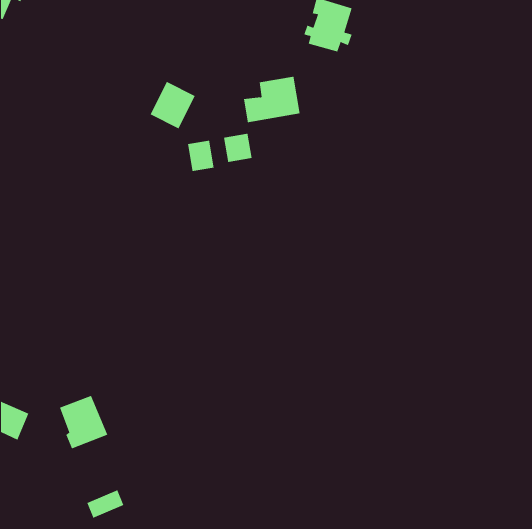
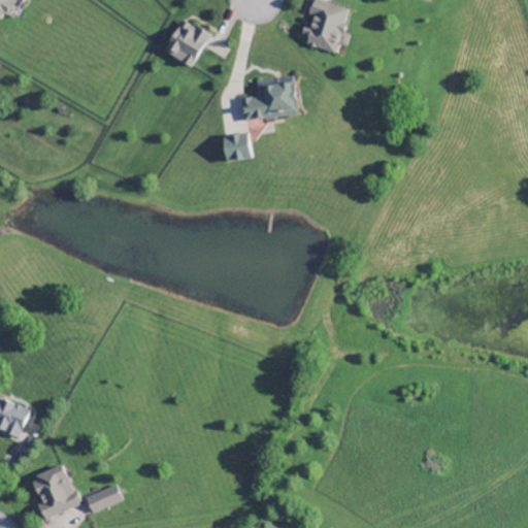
building: [150,81,196,129] -> [164,19,209,66]
building: [187,140,214,172] -> none
building: [59,395,108,449] -> [32,465,80,519]

